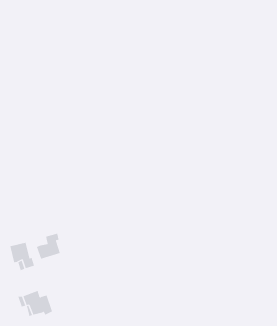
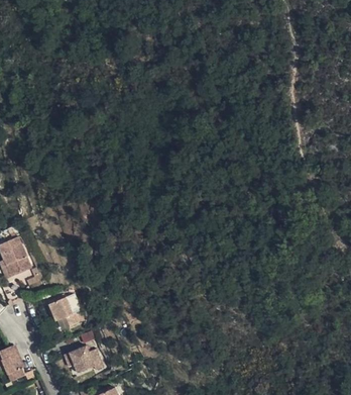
building: [36,233,61,260] -> none

